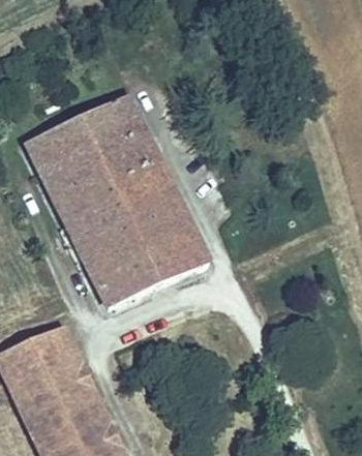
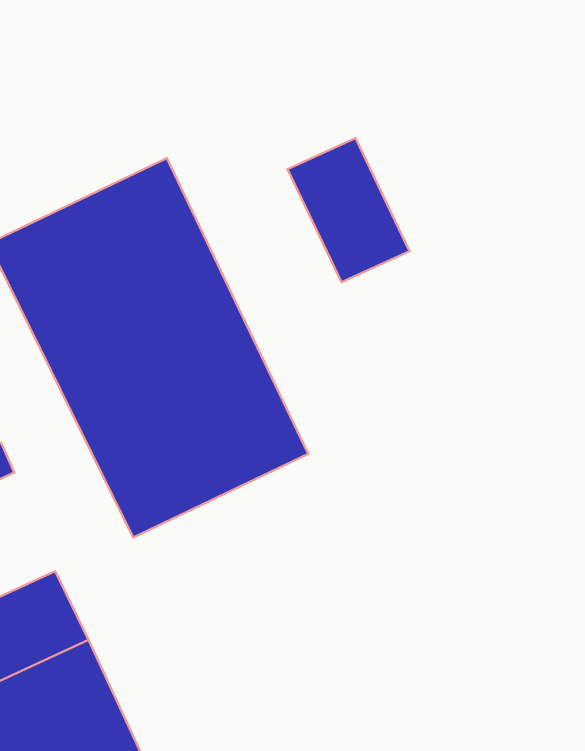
building: none -> [287,138,410,282]

